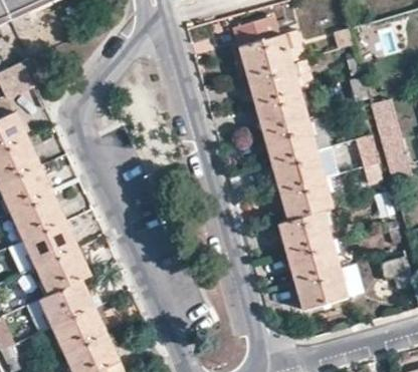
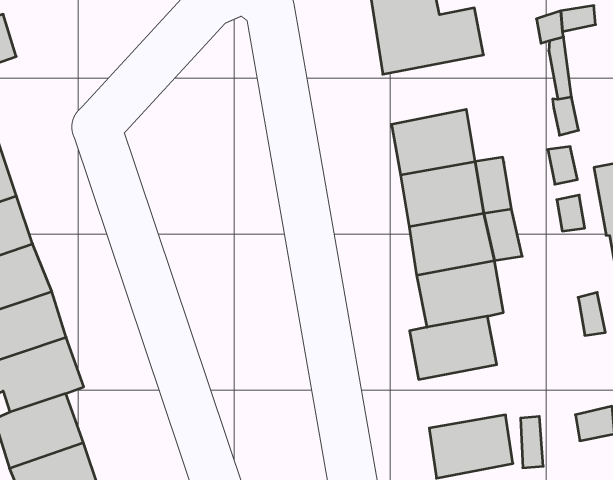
building: [248,58,315,104] -> none
building: [286,240,340,281] -> none

